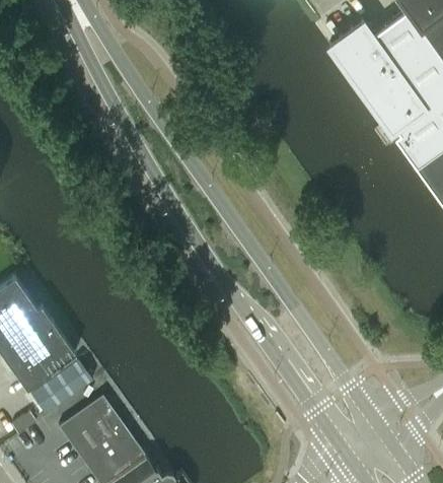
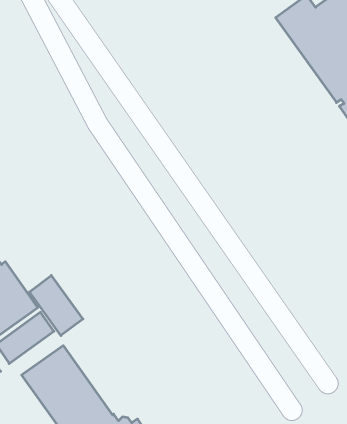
building: none -> [29,275,83,336]

